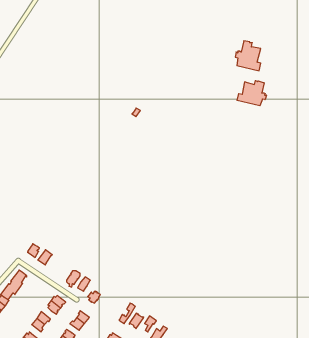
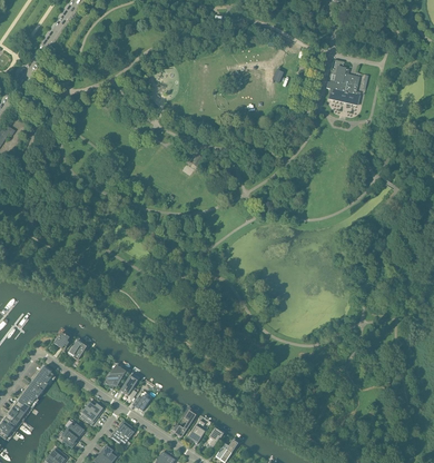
building: [237,81,266,106] -> none

